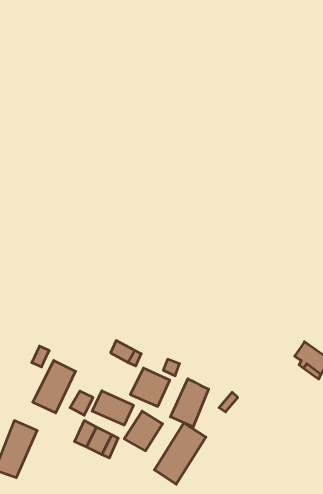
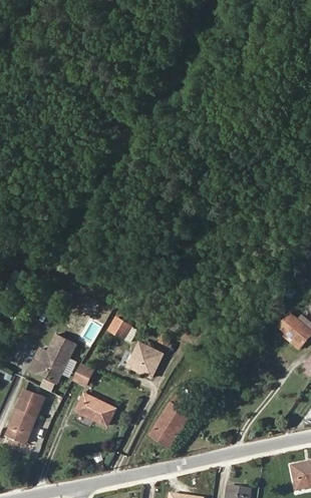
building: [170,379,209,427] -> none
building: [92,391,133,425] -> none
building: [124,411,163,451] -> none

